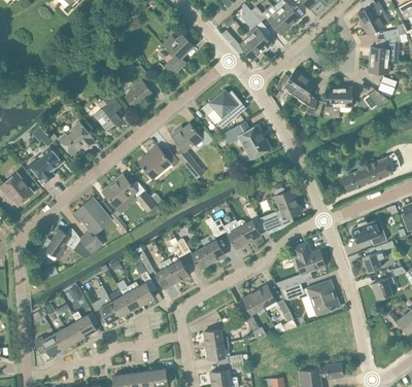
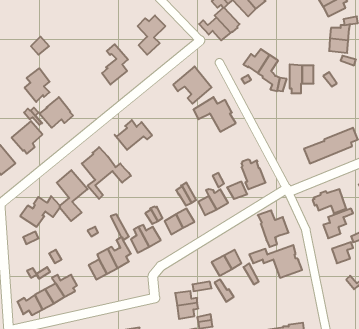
building: [95,94,122,130] -> [25,68,50,102]
building: [171,124,205,180] -> none
building: [92,287,119,324] -> none

